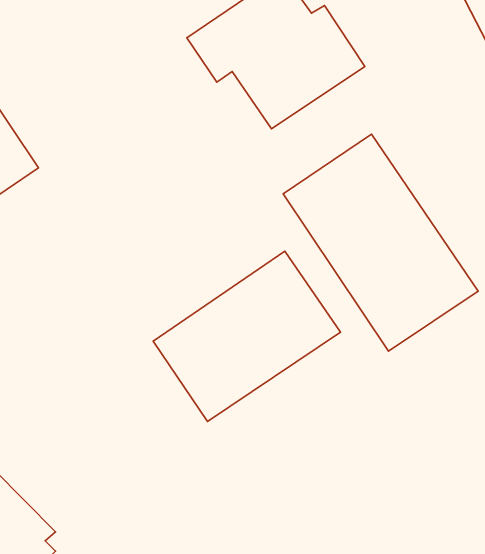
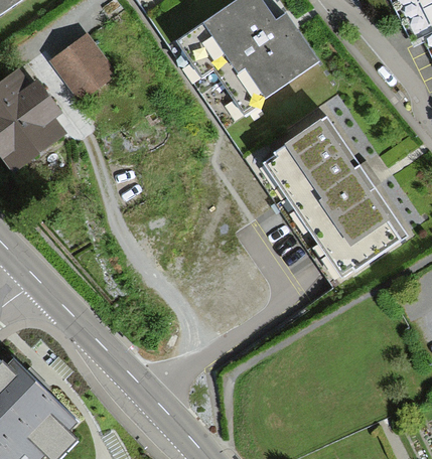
building: none -> [55,36,110,93]
building: [153,251,340,422] -> none

